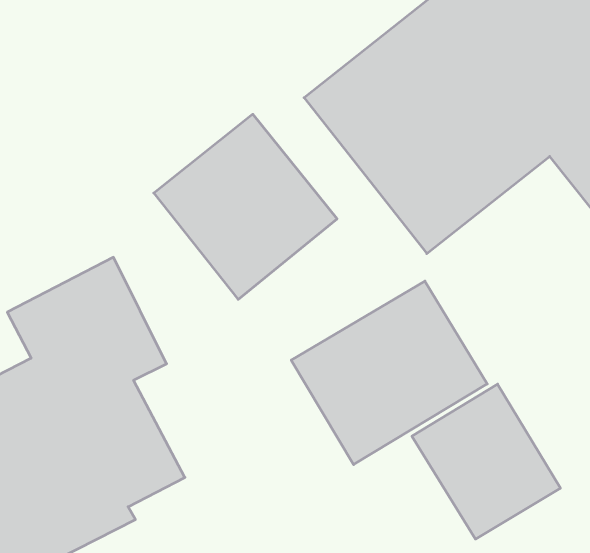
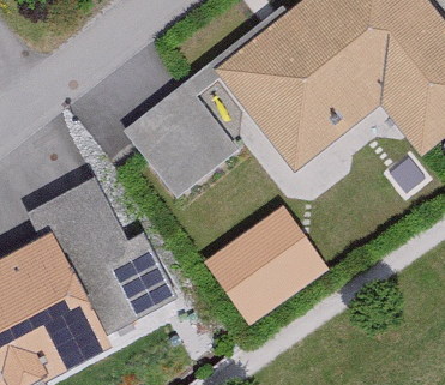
building: [412,384,560,539] -> none

